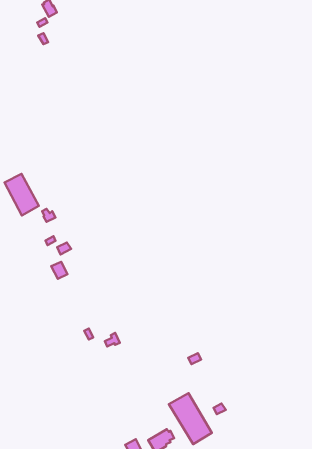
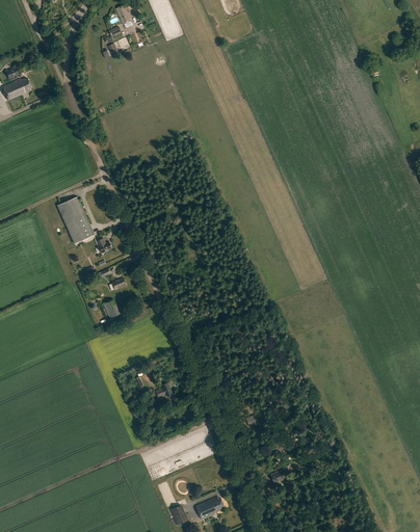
building: [169,393,212,444] -> none

